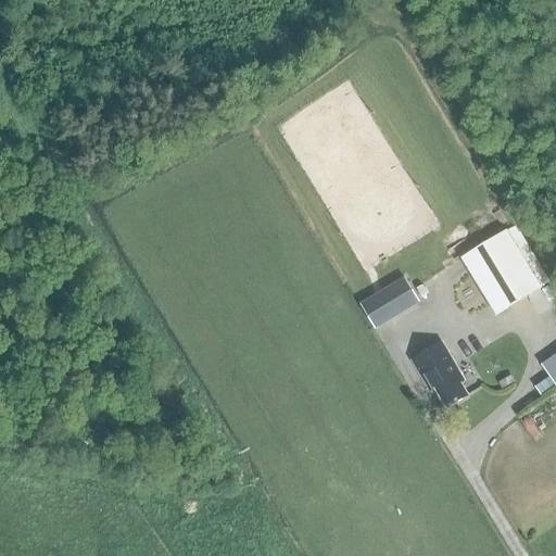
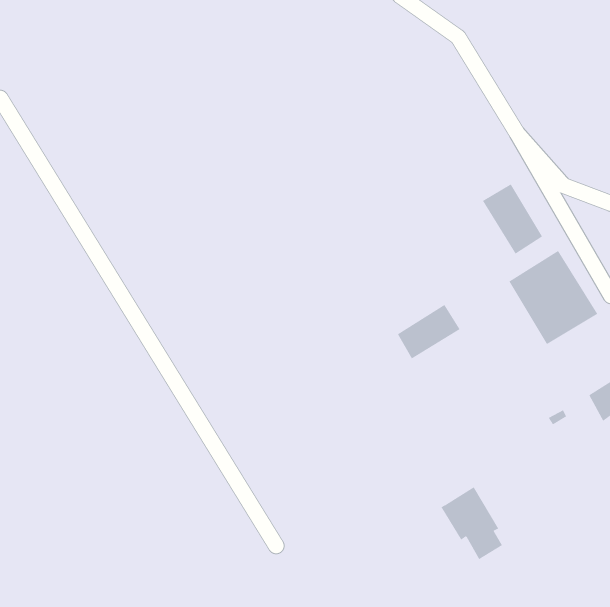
building: none -> [482,183,543,255]
building: [412,341,468,407] -> [441,487,503,560]

